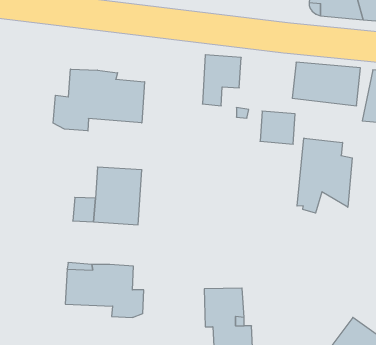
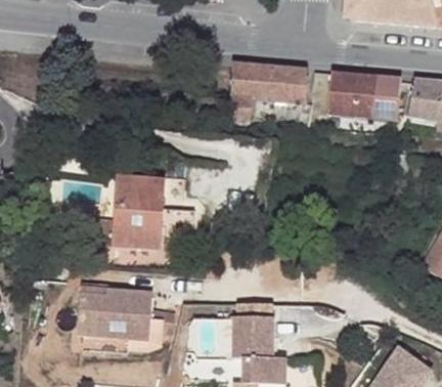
building: [53,69,145,131] -> none
building: [260,111,295,144] -> [270,64,308,100]
building: [297,138,352,213] -> none

